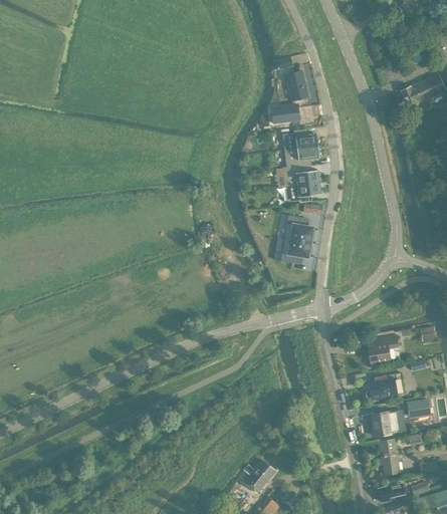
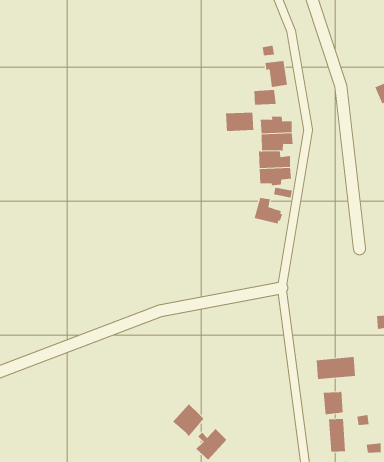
building: none -> [226,112,254,132]
building: [281,238,311,263] -> none
building: [368,335,398,364] -> none
building: [406,399,430,419] -> none
building: none -> [172,404,204,437]

